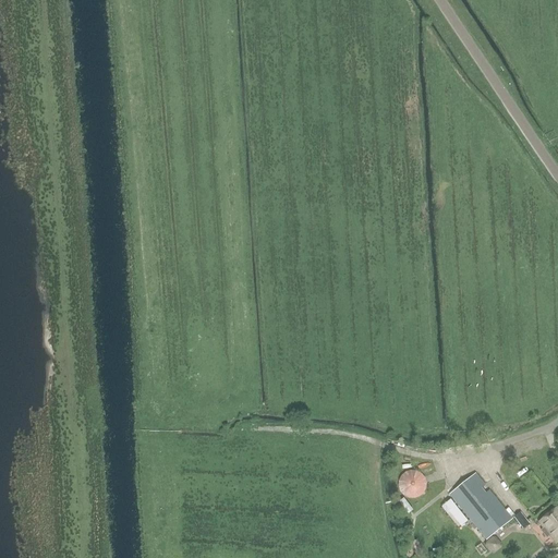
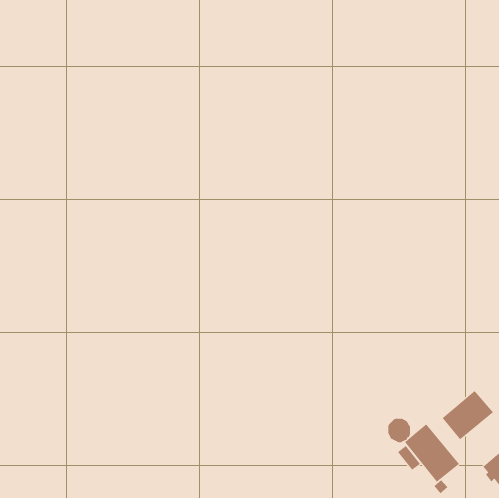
building: none -> [442,390,494,440]
building: [398,469,424,496] -> [387,418,411,443]

